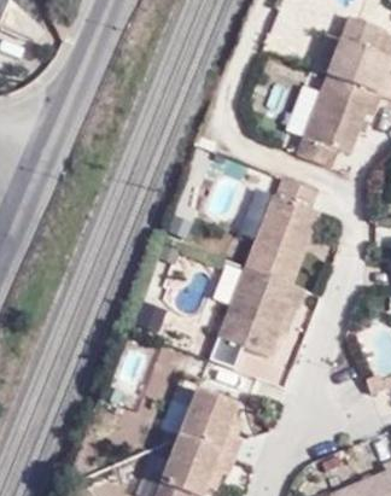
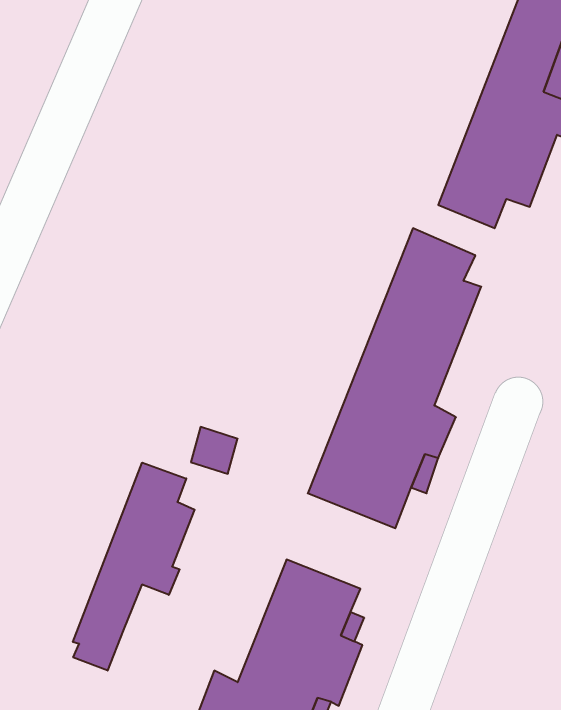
building: none -> [73,463,195,671]

